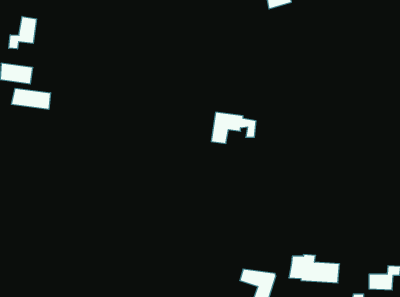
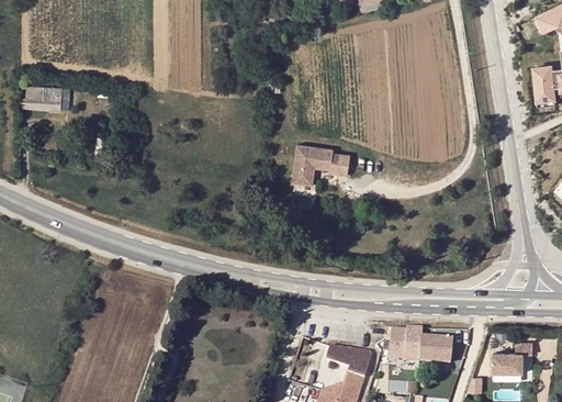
building: [9,16,37,49] -> none
building: [11,88,51,109] -> none

